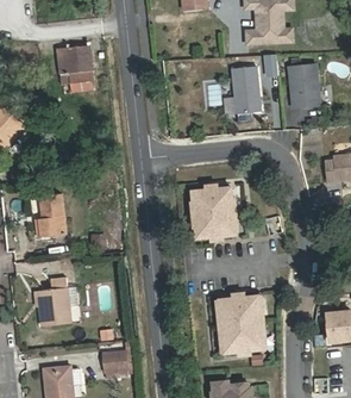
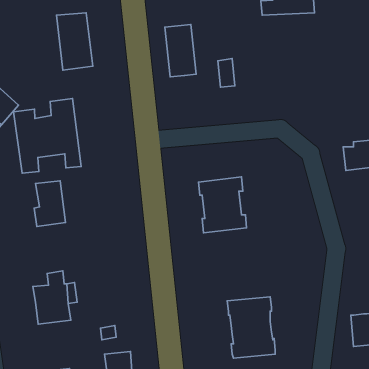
building: [227,66,256,113] -> [165,25,196,77]
building: [284,66,315,110] -> none
building: none -> [13,99,81,173]

